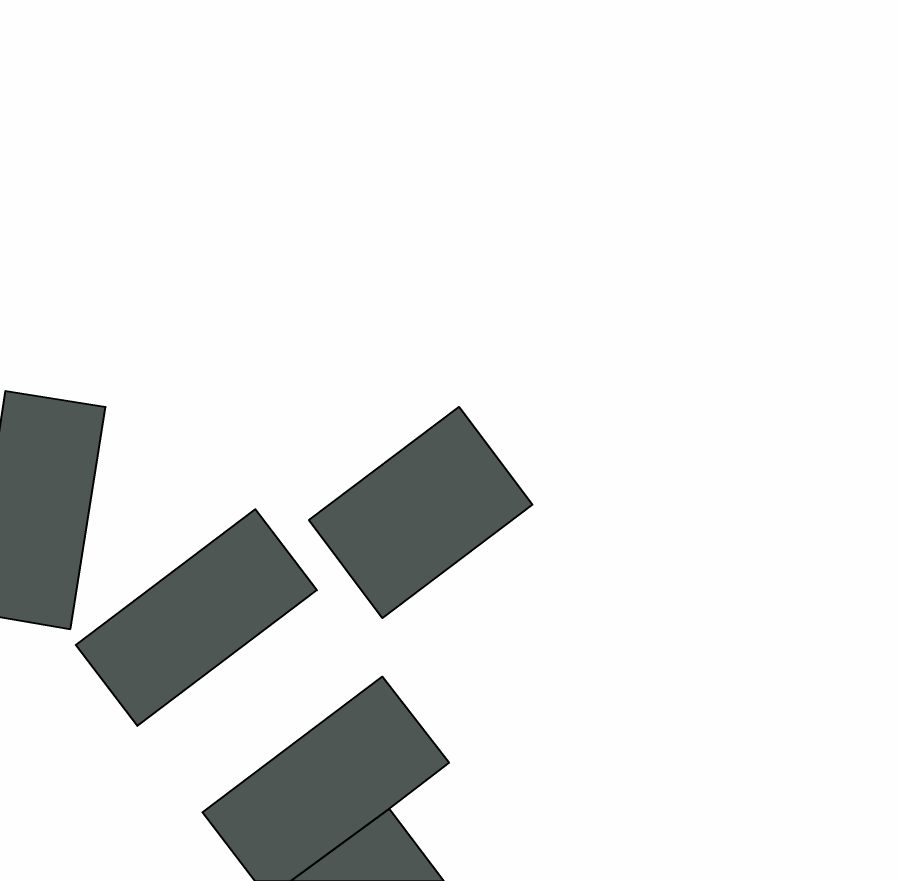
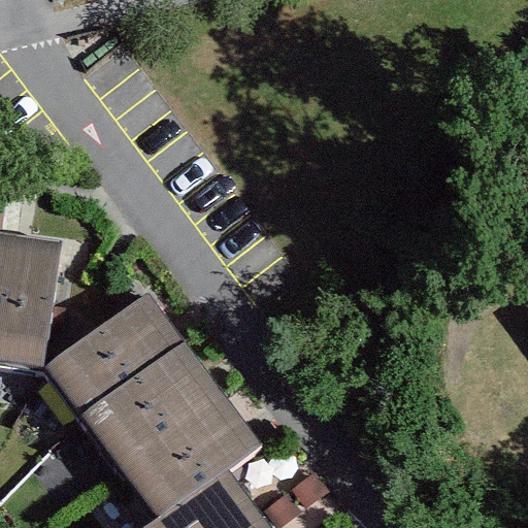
building: [309,407,532,618] -> none
building: none -> [80,345,224,475]

